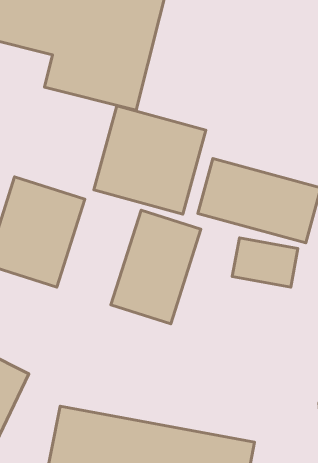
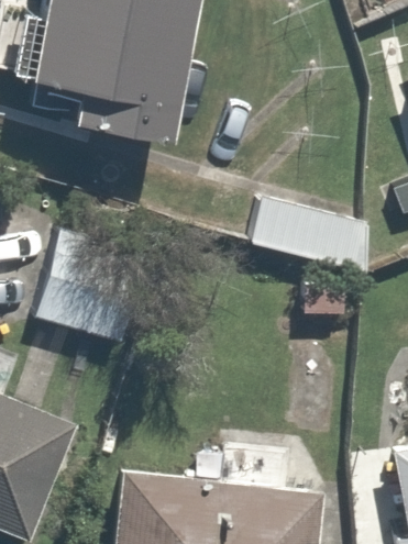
building: [94,106,206,214] -> none
building: [111,210,201,324] -> none

